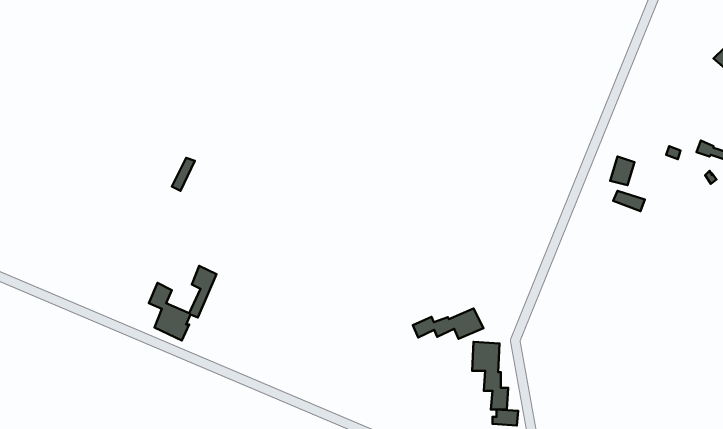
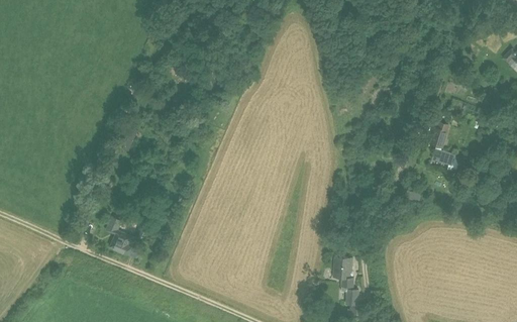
building: [413,309,483,339] -> none

